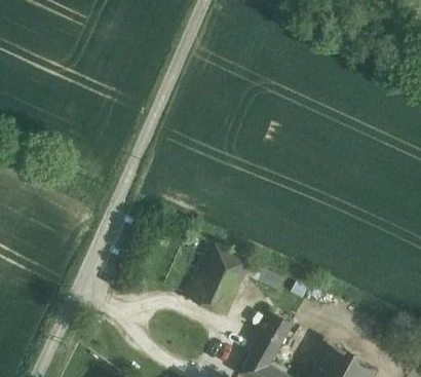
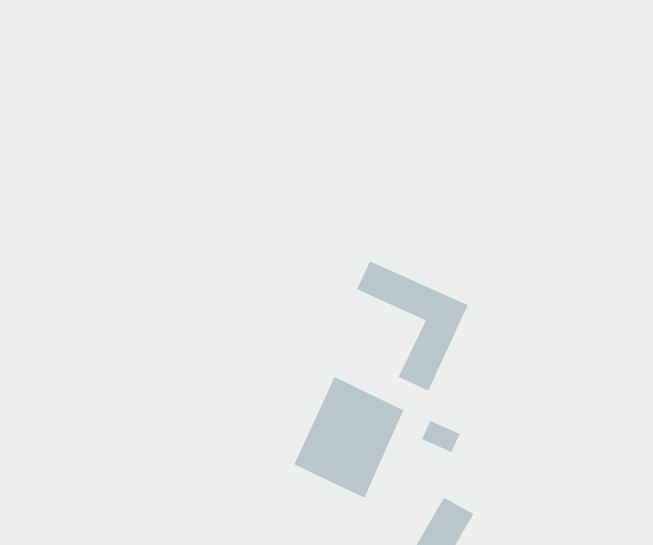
building: none -> [356,260,469,391]

